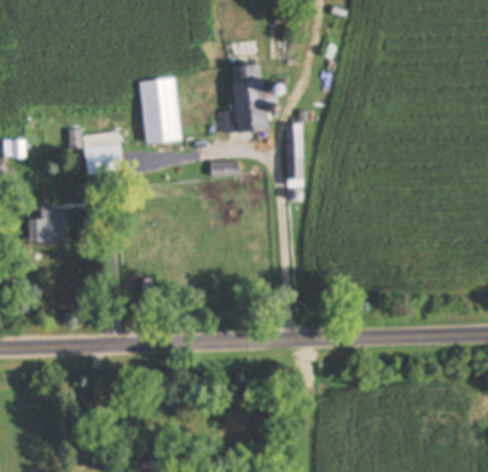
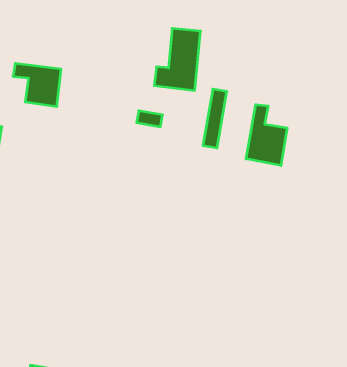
building: [139,77,181,144] -> none
building: none -> [246,105,287,166]

